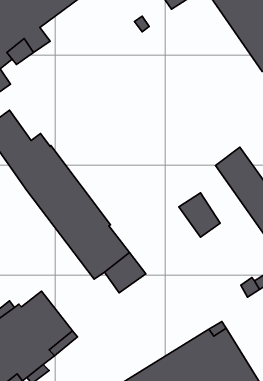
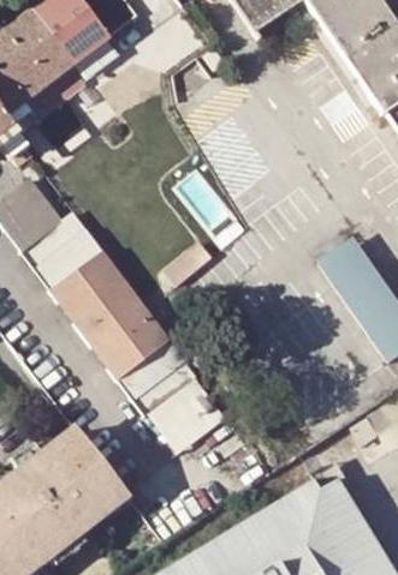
building: [179,193,220,237] -> none

